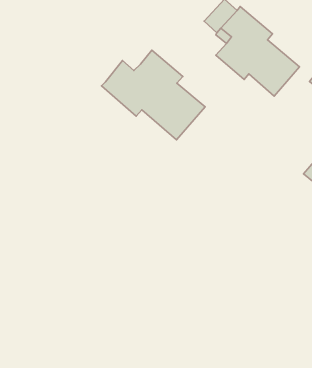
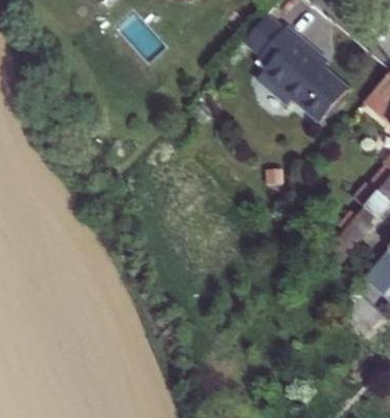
building: [102,50,205,140] -> none

